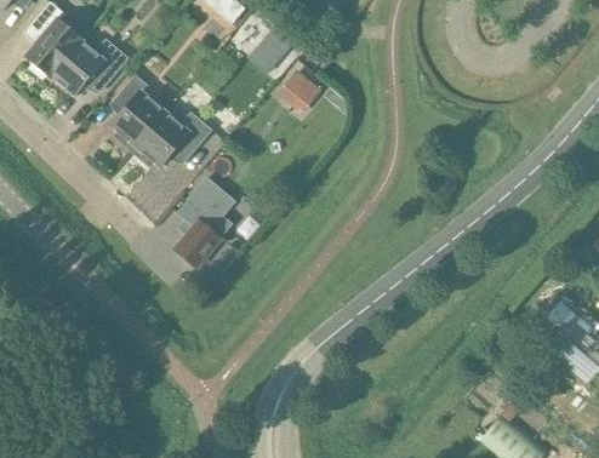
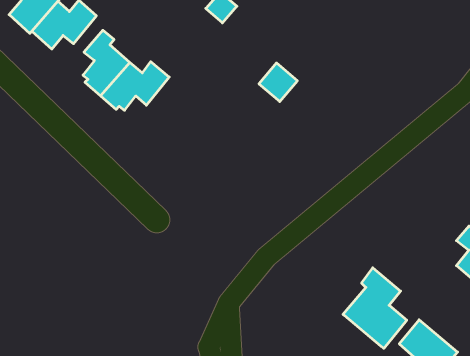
building: [276,68,321,113] -> [259,63,297,102]
building: [176,176,235,267] -> none
building: none -> [343,268,407,348]

